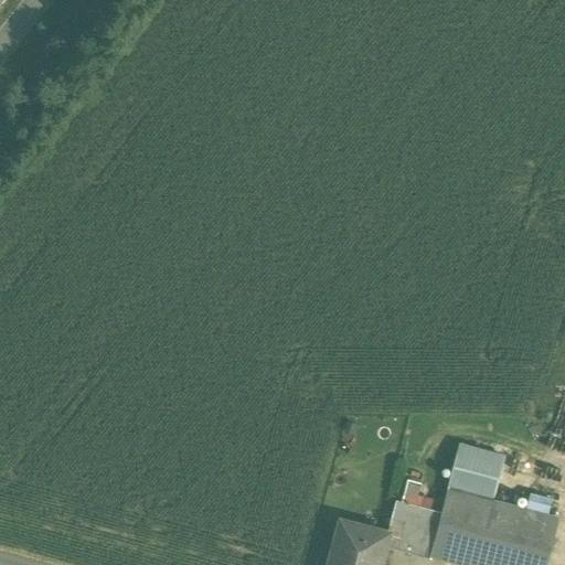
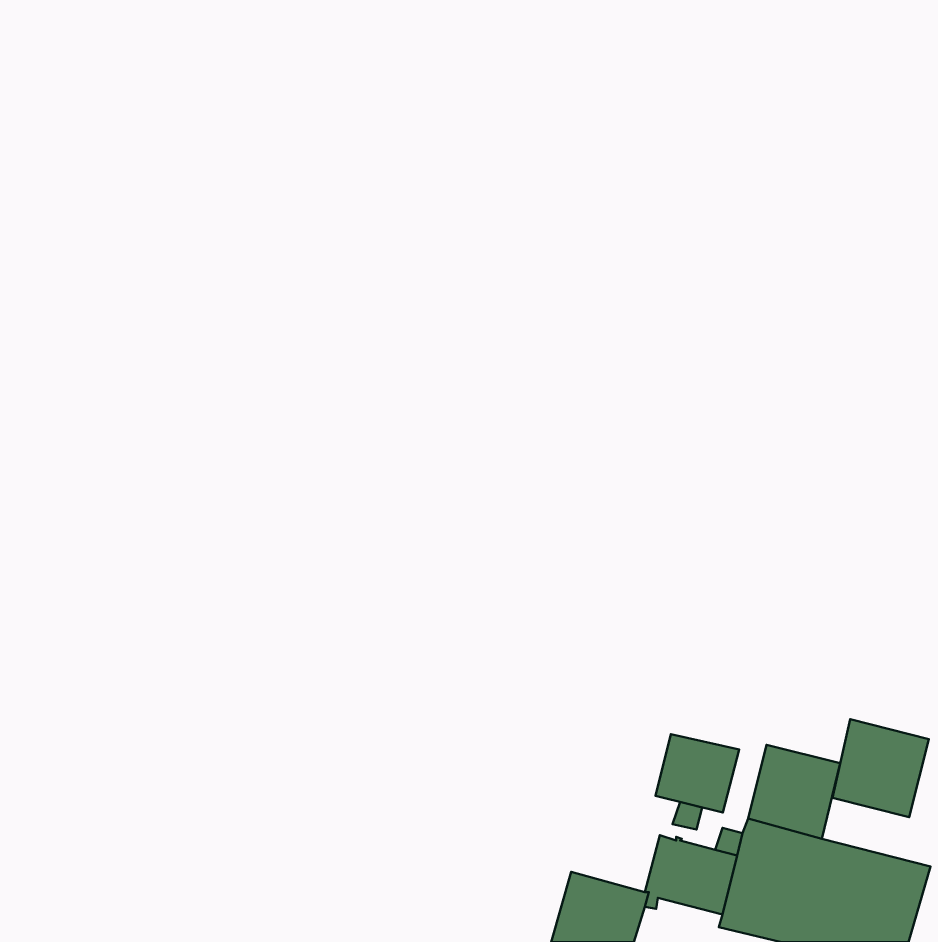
building: none -> [833,719,929,817]
building: none -> [655,734,739,813]

